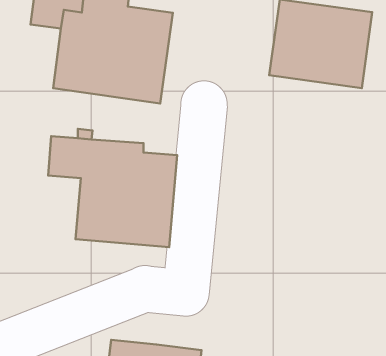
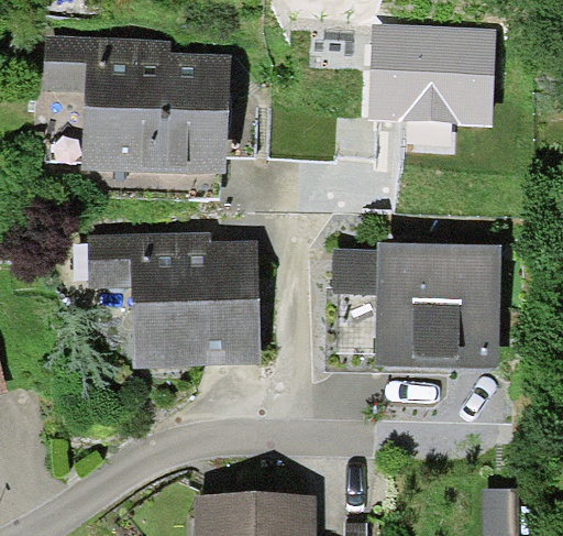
building: none -> [332,245,501,373]

